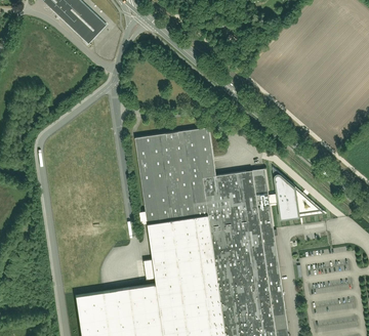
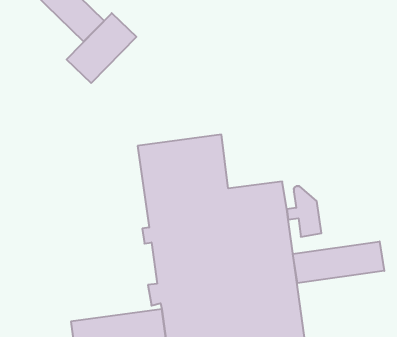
building: none -> [67,13,136,83]
building: none -> [293,241,384,283]

